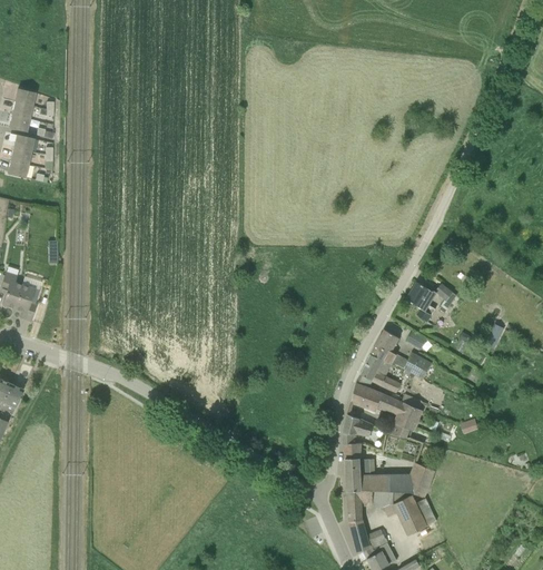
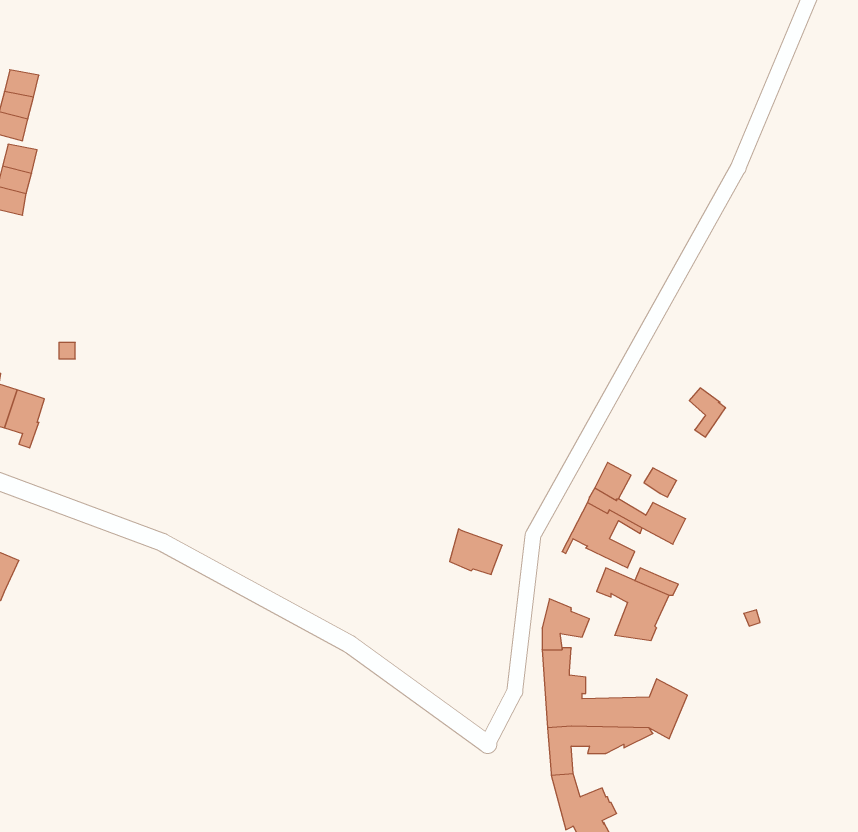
building: [406,281,437,321] -> none
building: [351,383,383,411] -> [450,529,502,574]
building: [383,494,436,534] -> none

